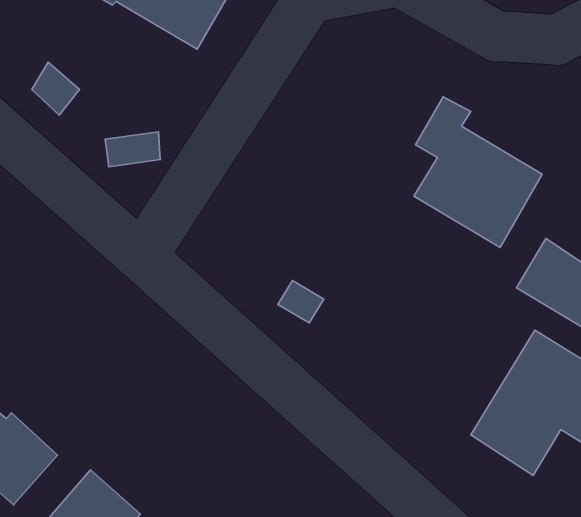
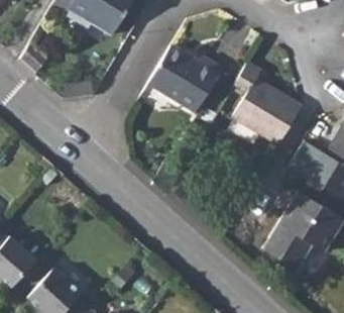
building: none -> [148,45,221,110]

